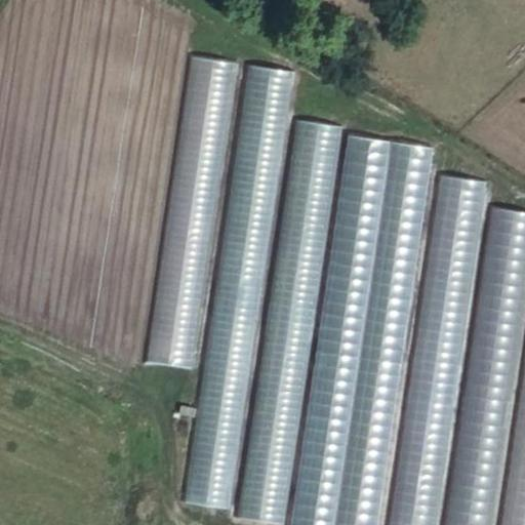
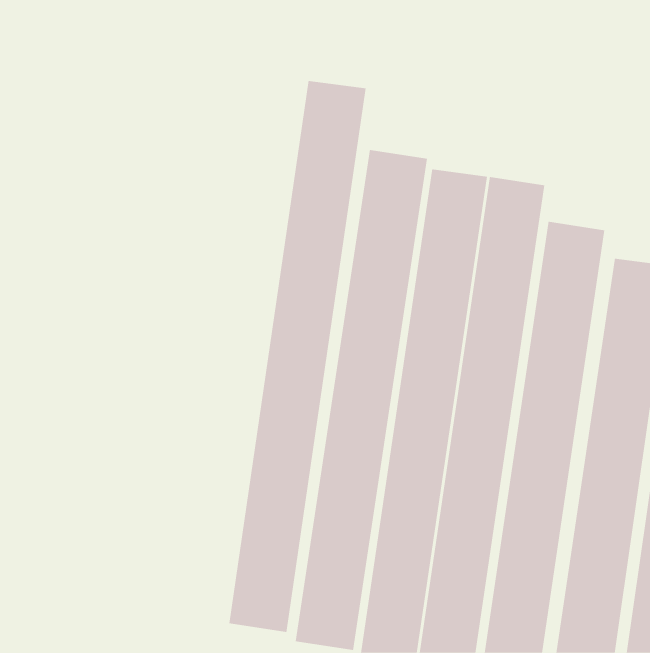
building: [148,55,241,369] -> none

